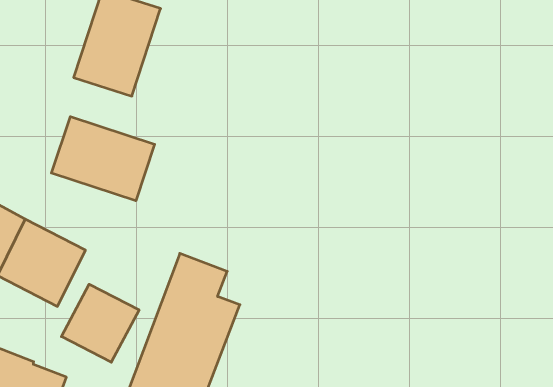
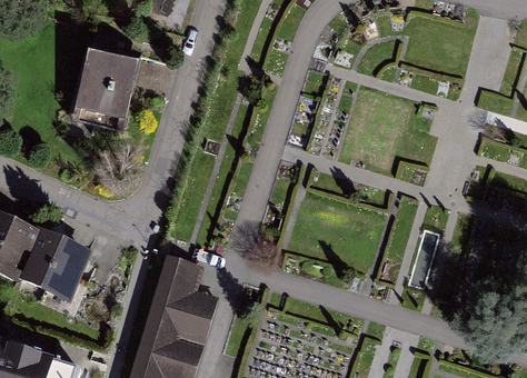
building: [51,117,155,201] -> none
building: [61,284,139,362] -> none

